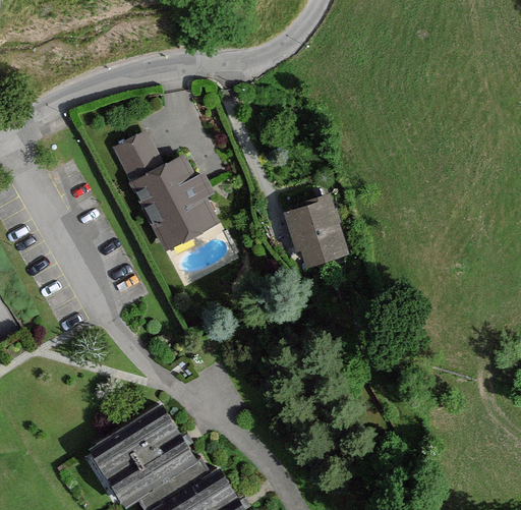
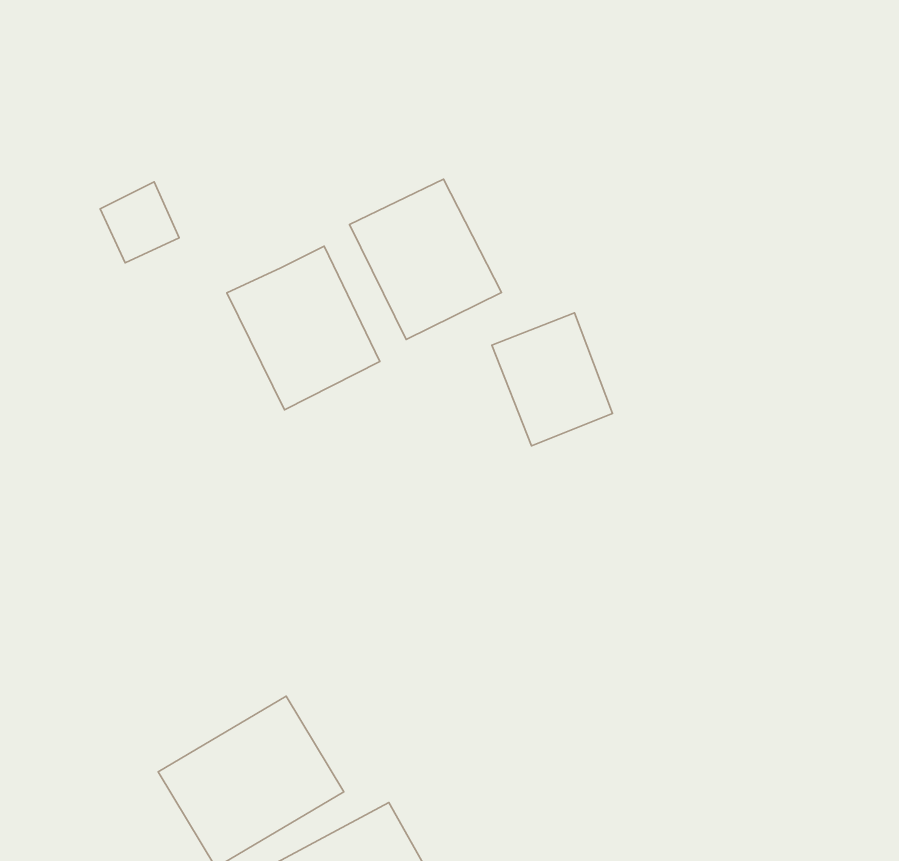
building: none -> [349,179,502,339]
building: [117,137,162,183] -> [100,182,179,263]

